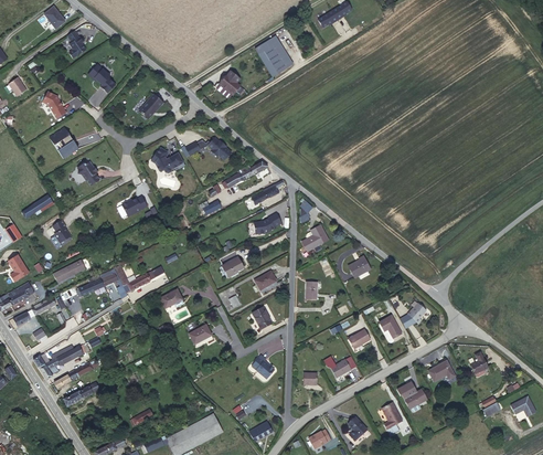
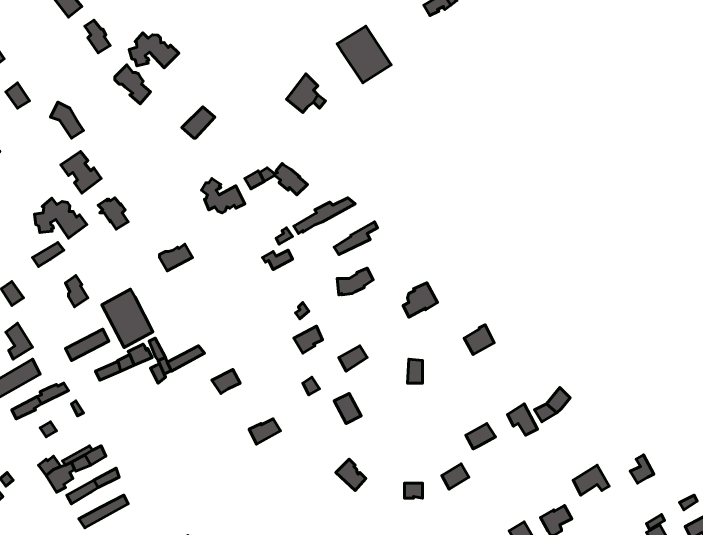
building: none -> [129,33,179,68]
building: none -> [35,198,87,238]
building: none -> [102,289,153,348]

